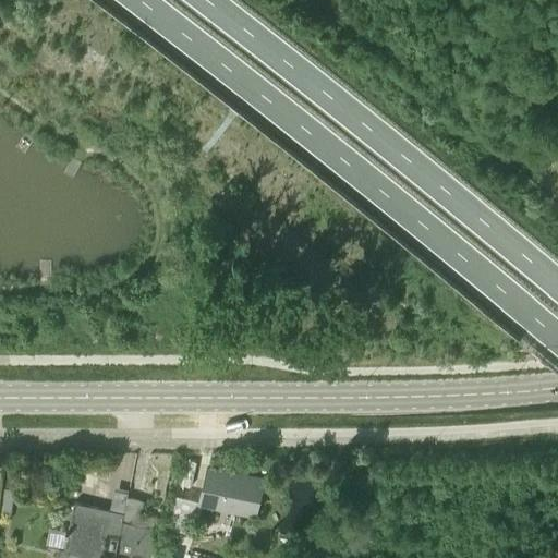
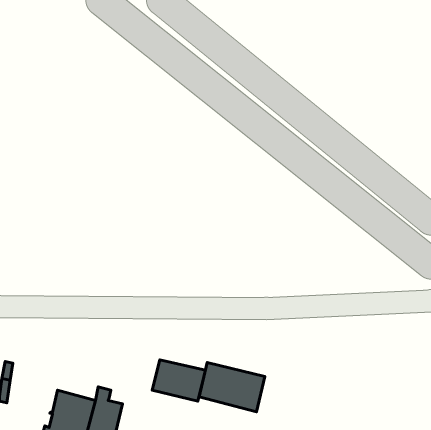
building: none -> [199,363,265,412]

